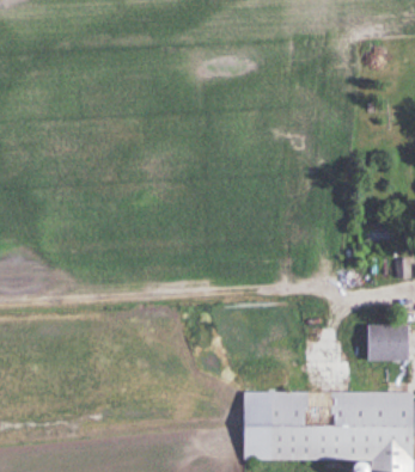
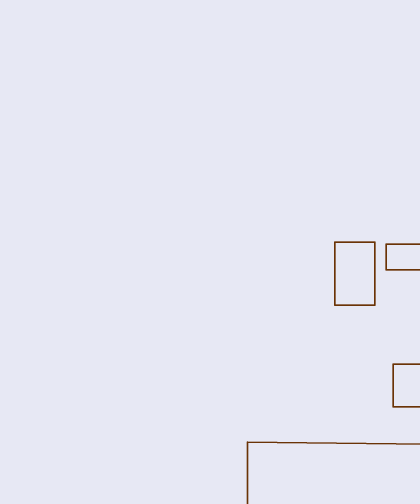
building: none -> [335,242,375,305]

